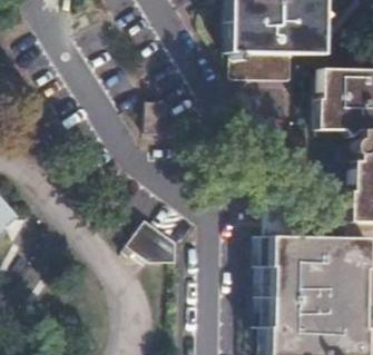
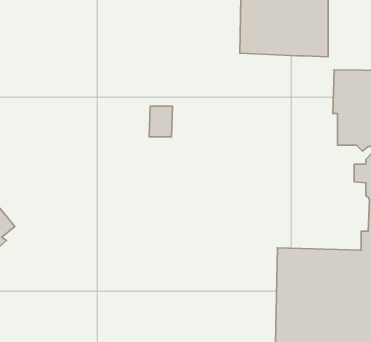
building: [229,52,285,81] -> none
building: [127,219,177,263] -> none

